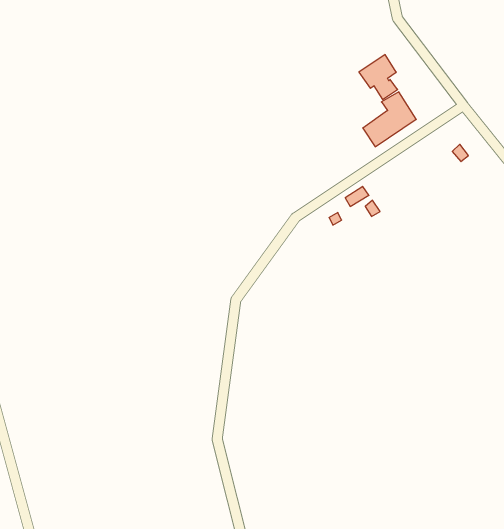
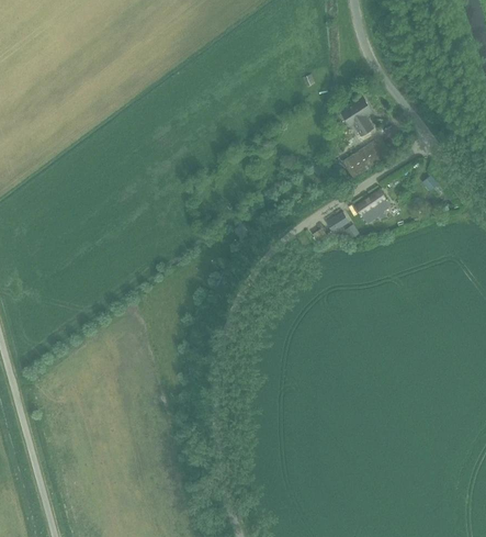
building: none -> [354,188,389,223]

